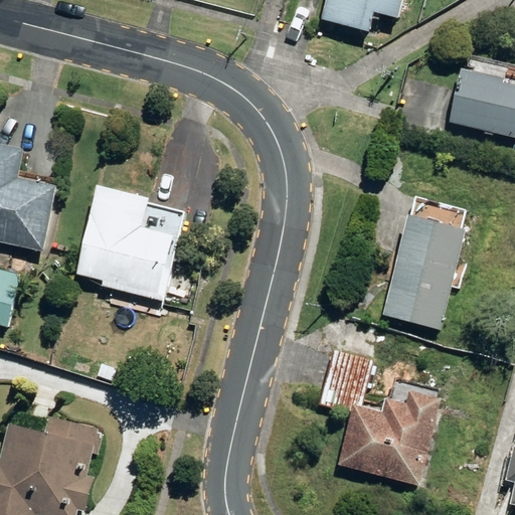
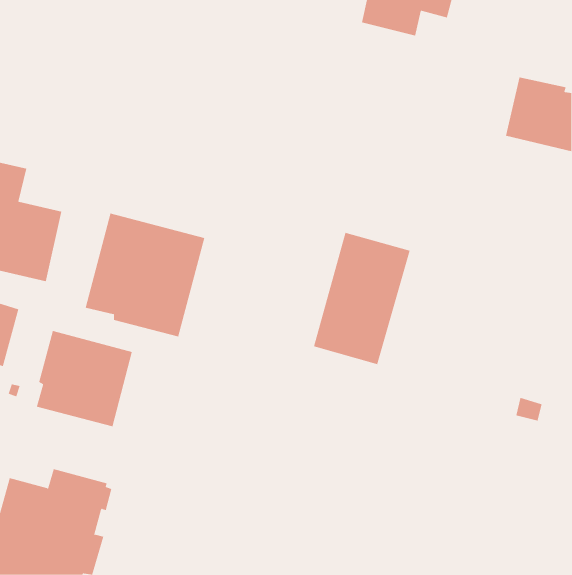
building: [380,213,467,331] -> [313,232,411,365]
building: none -> [36,330,133,427]
building: [316,349,443,486] -> none

